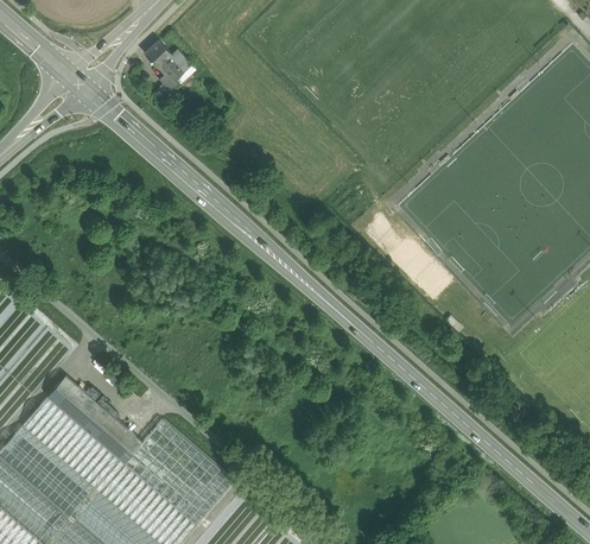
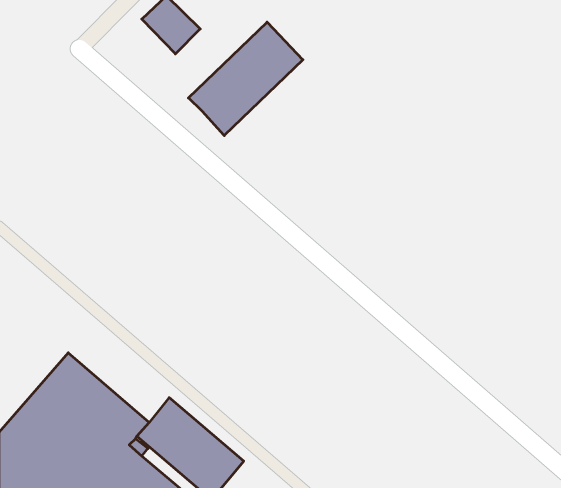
building: none -> [188,22,303,136]

